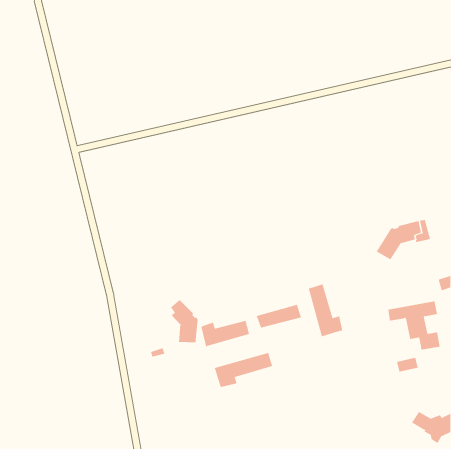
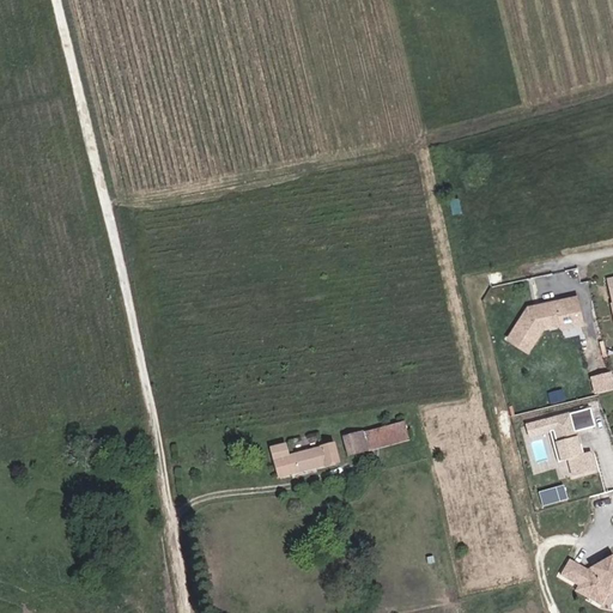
building: [308,283,343,337] -> none
building: [170,299,198,343] -> none
building: [214,352,273,388] -> none

